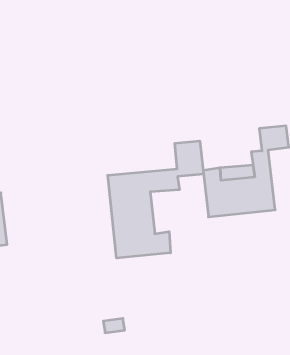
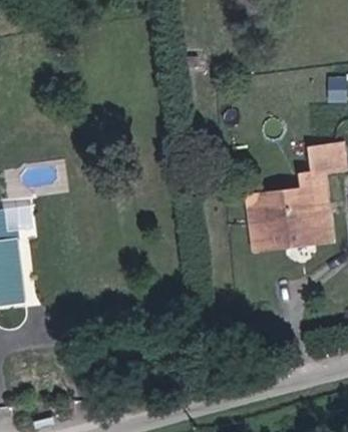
building: [108,141,204,258] -> none

